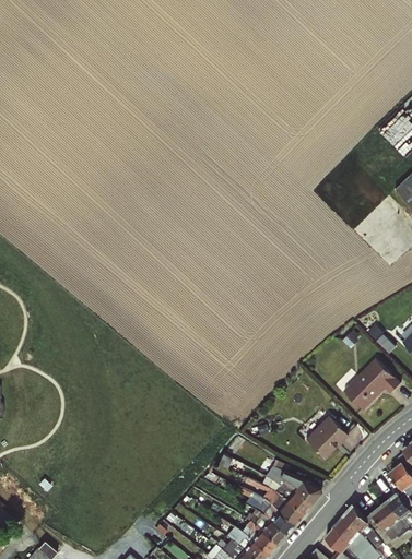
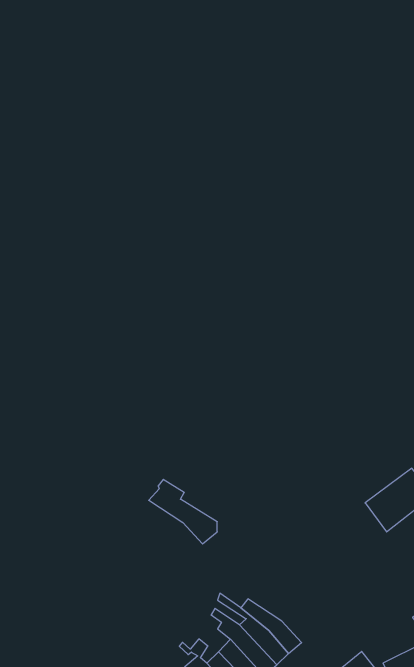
building: [303,418,345,460] -> none
building: [263,461,319,506] -> [149,479,217,544]

